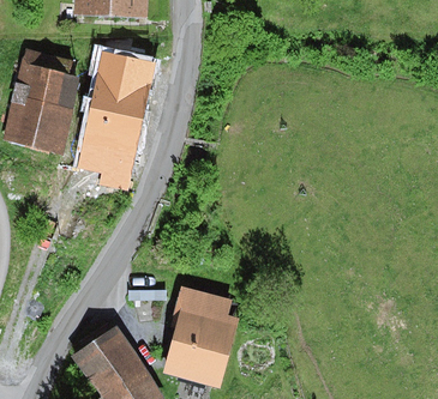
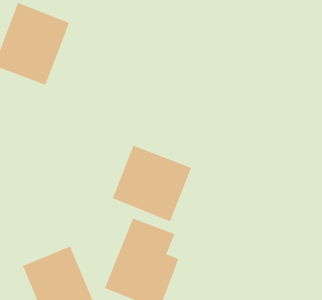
building: [68,50,157,181] -> none
building: none -> [112,145,192,222]

